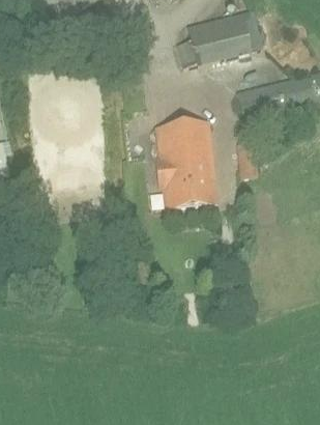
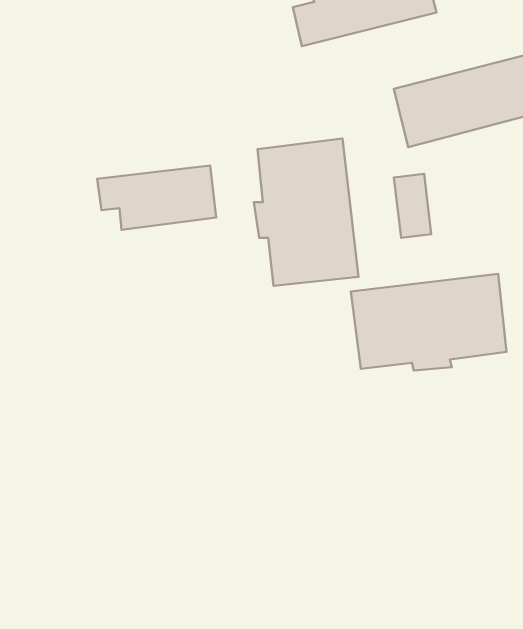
building: none -> [97,166,216,230]
building: none -> [351,274,506,371]

